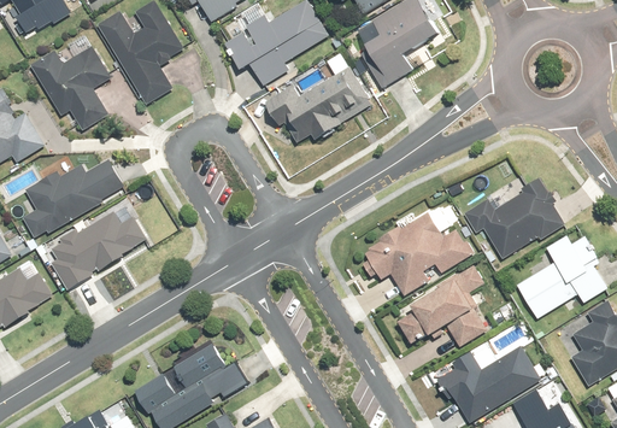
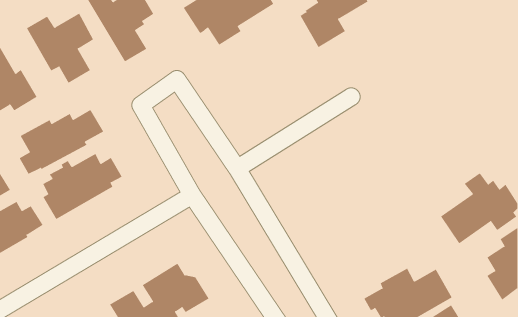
building: [265,65,374,142] -> none
building: [464,176,565,257] -> none
building: [366,205,474,295] -> none
building: [399,264,487,346] -> none

